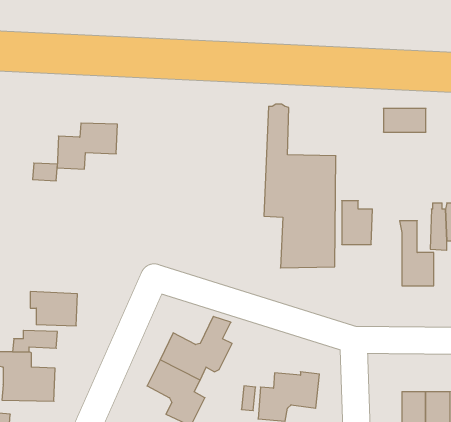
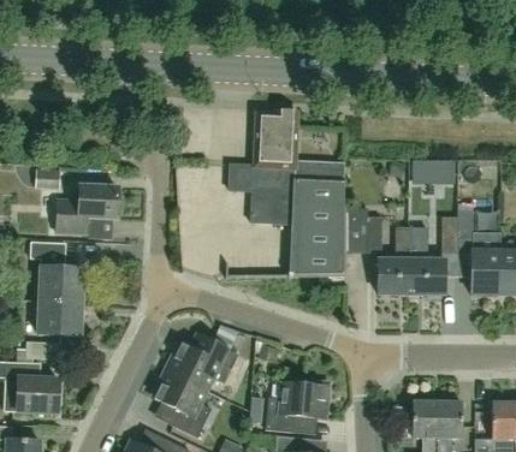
building: none -> [227,111,277,222]
building: [383,108,426,132] -> [413,161,456,185]
building: [57,123,117,169] -> [57,185,118,232]
building: none -> [379,227,413,293]
building: none -> [31,240,83,302]

